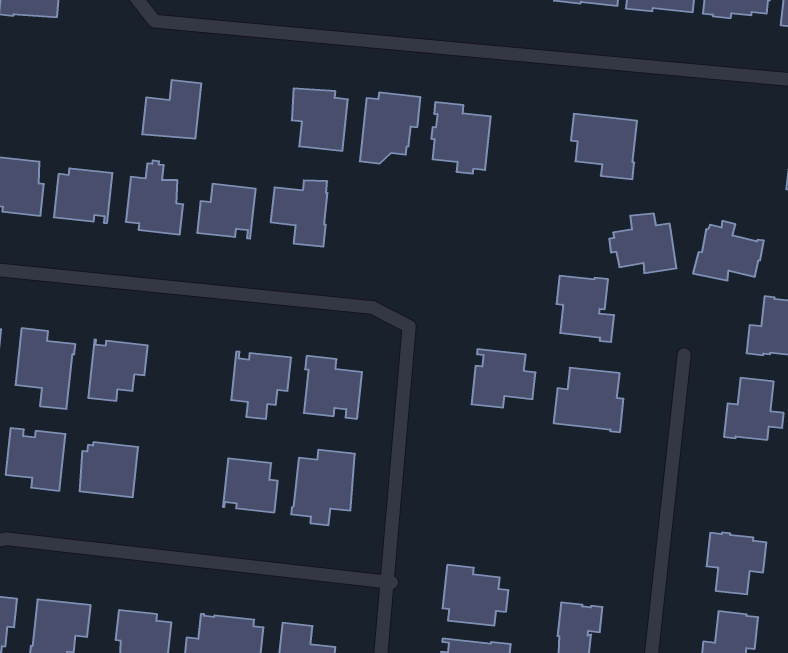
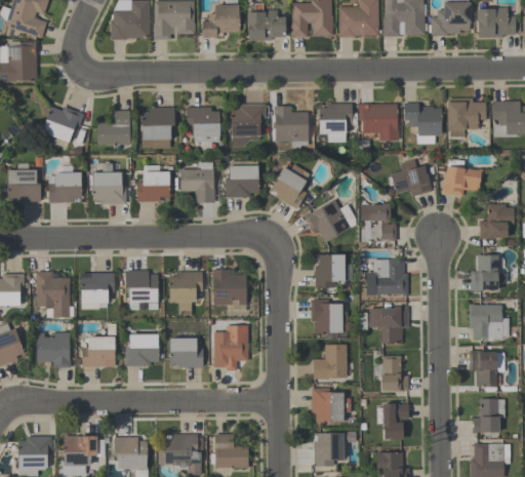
building: none -> [41,107,83,144]
building: none -> [142,108,174,149]
building: none -> [319,104,352,143]
building: none -> [447,98,485,137]
building: none -> [404,104,442,145]
building: none -> [225,161,258,198]
building: none -> [268,164,310,209]
building: none -> [302,200,356,243]
building: none -> [125,271,158,310]
building: none -> [311,300,351,339]
building: none -> [369,307,408,343]
building: none -> [125,334,158,366]
building: none -> [468,304,508,341]
building: none -> [313,345,347,379]
building: none -> [380,356,408,392]

